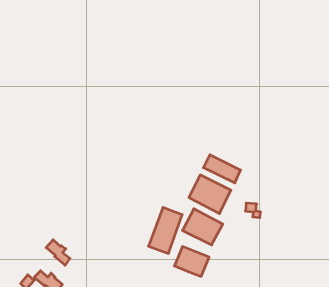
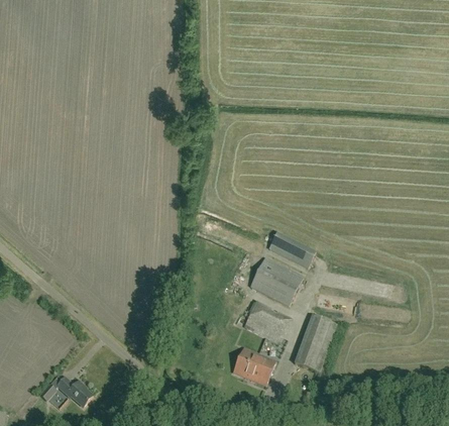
building: [148,207,182,253] -> [293,315,335,372]
building: [46,240,70,265] -> none

